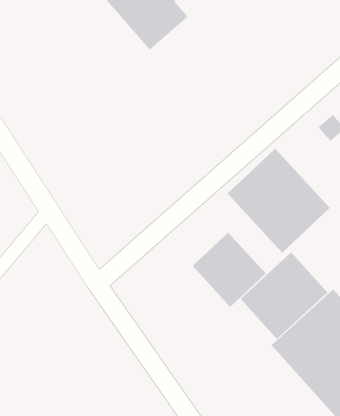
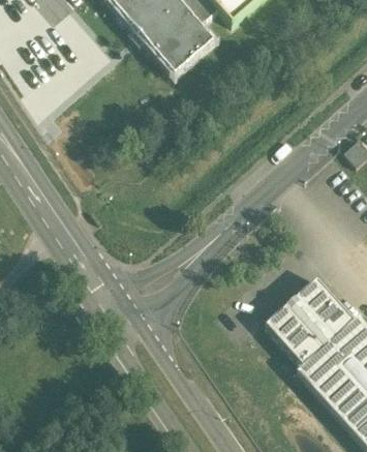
building: [227,148,330,253] -> none
building: [192,232,267,308] -> none

